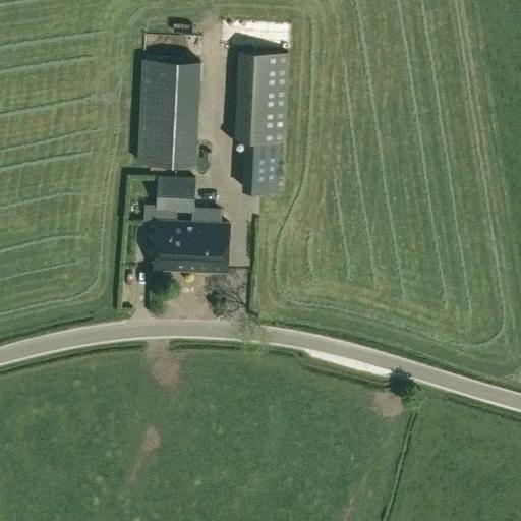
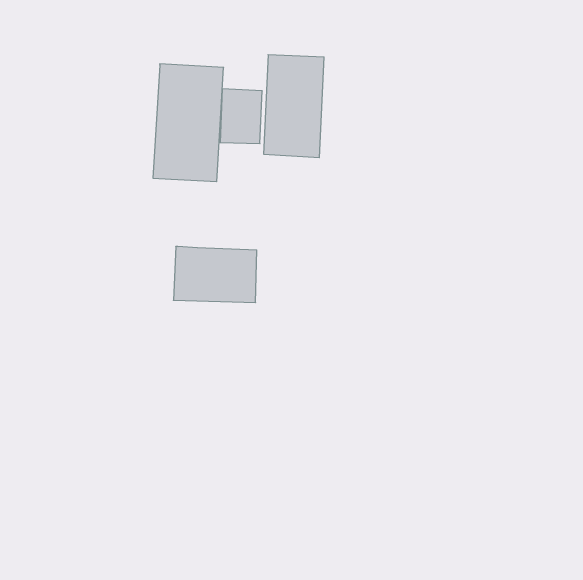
building: [242,143,280,192] -> [220,89,262,144]
building: [156,178,195,224] -> none

